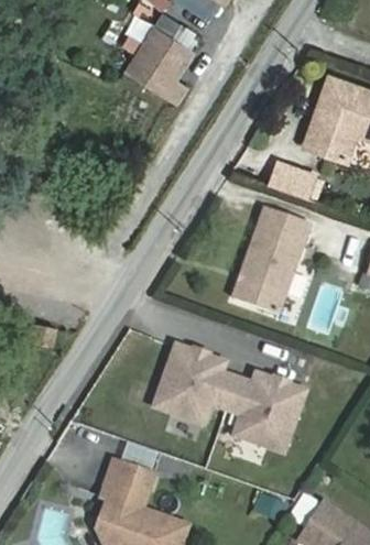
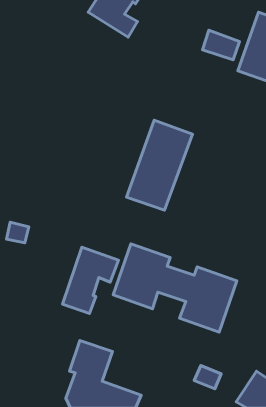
building: [269,161,313,196] -> [202,30,240,60]
building: [230,205,308,312] -> [126,120,192,210]
building: none -> [62,247,119,314]

